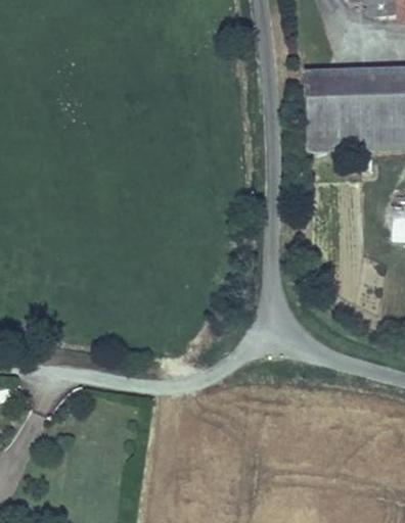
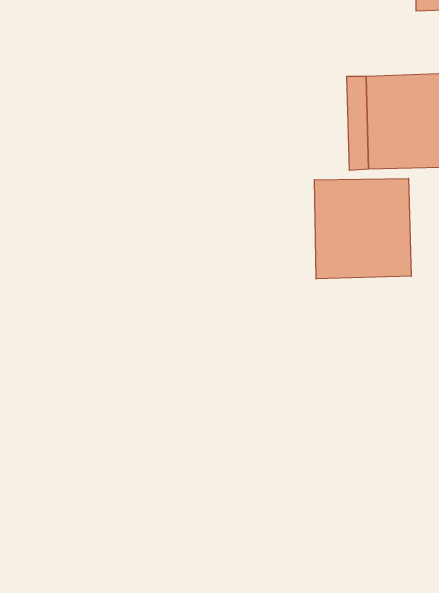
building: none -> [315,178,411,279]

